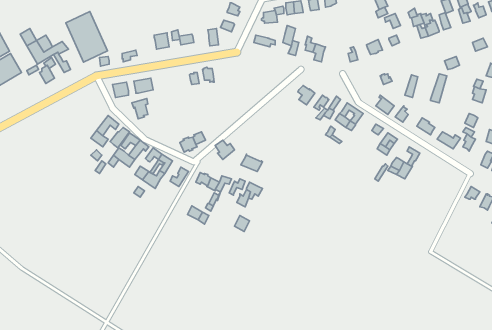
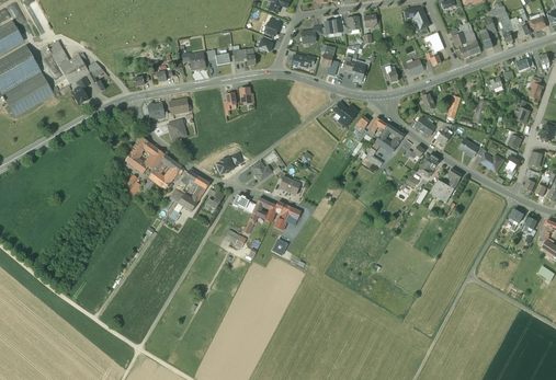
building: [66,12,108,62] -> none

